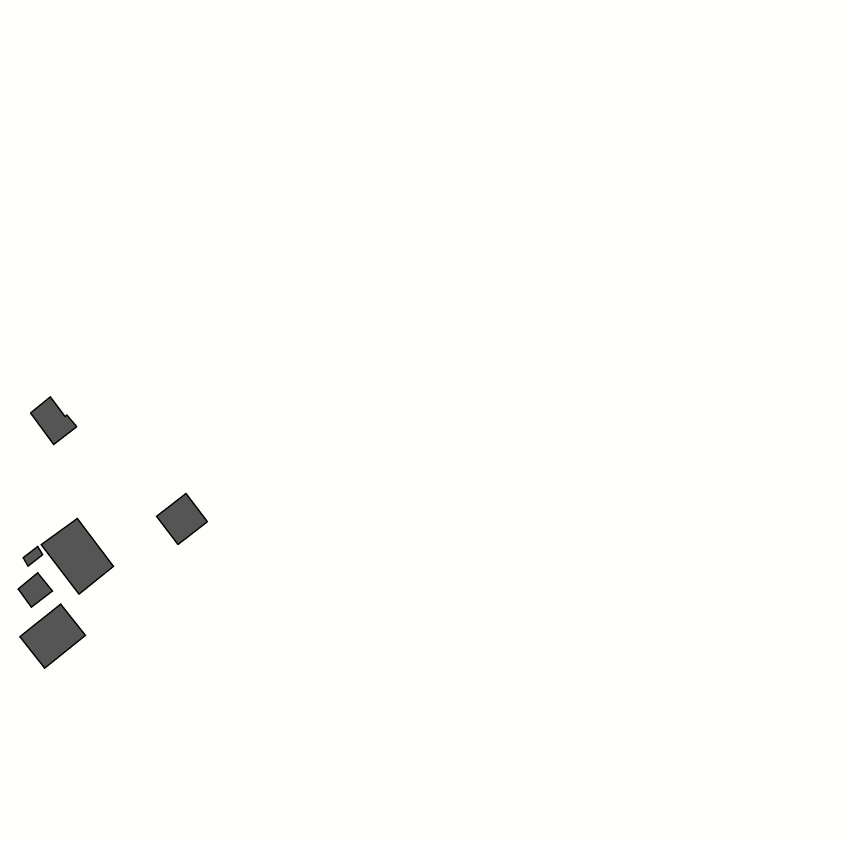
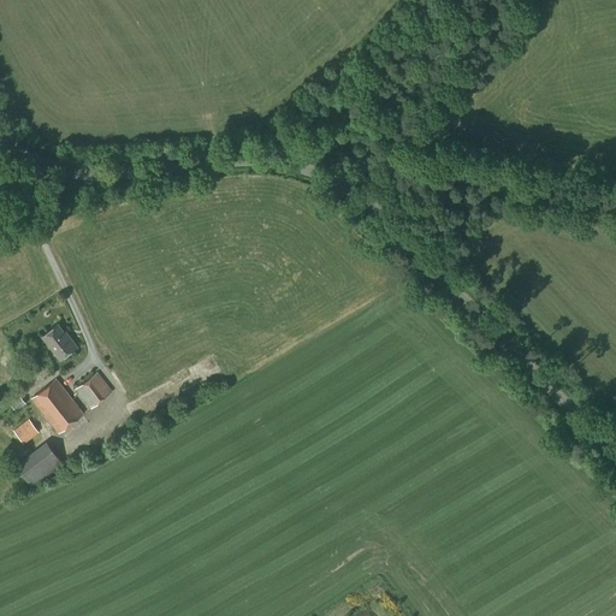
building: [31,397,77,445] -> [42,325,76,360]
building: [156,493,207,544] -> [75,372,112,409]

